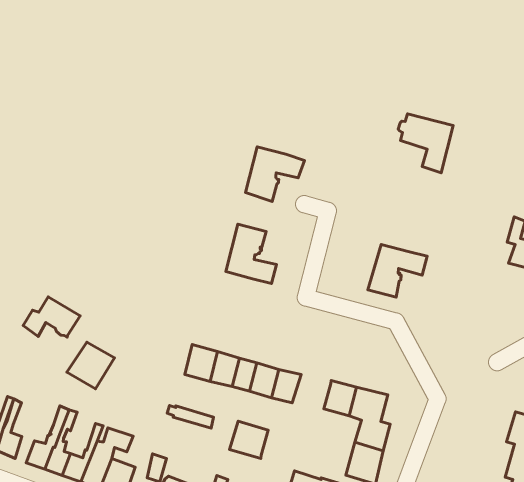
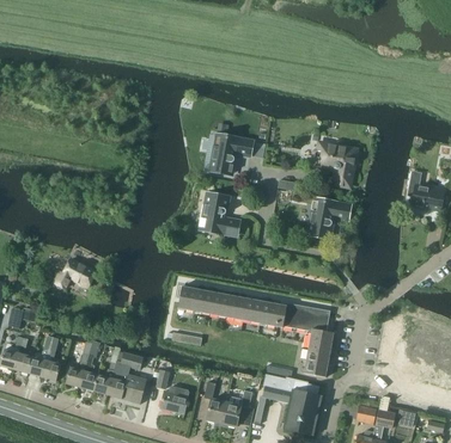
building: [398,114,453,173] -> [313,143,354,185]
building: [67,342,114,389] -> none
building: [229,421,268,458] -> [258,300,286,326]

